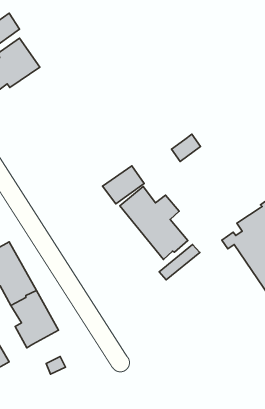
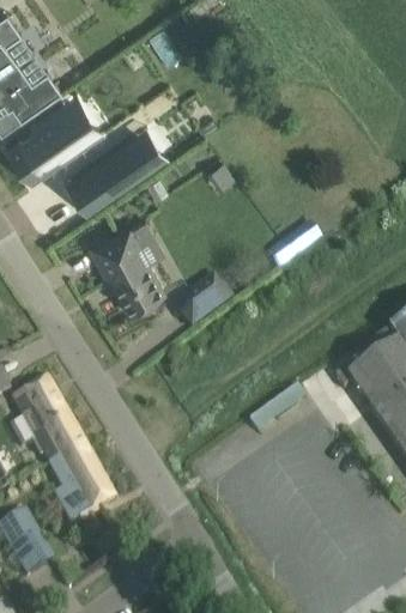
building: none -> [65,133,156,207]
building: none -> [89,219,165,311]
building: [120,186,188,260] -> none

